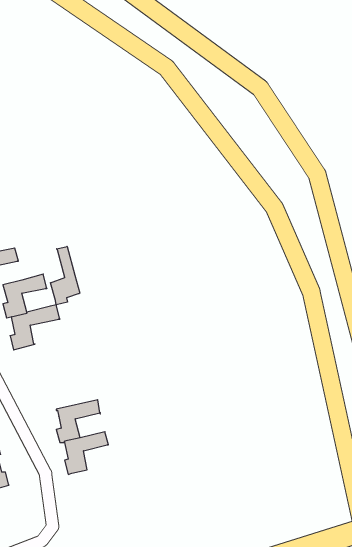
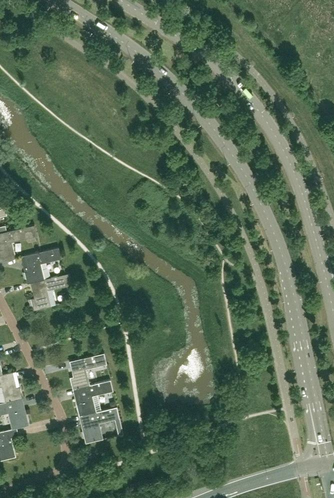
building: [50,246,80,305] -> none
building: none -> [82,408,119,444]

